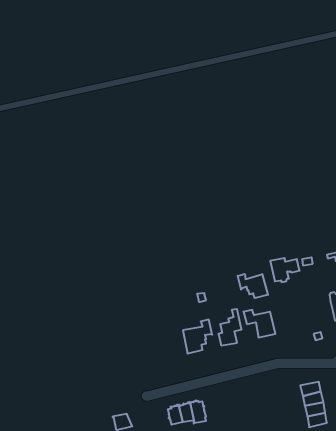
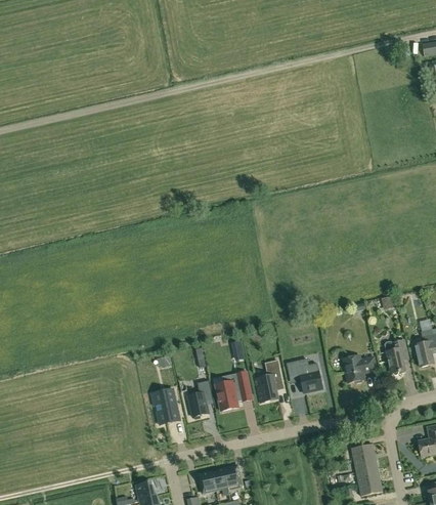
building: [270,258,300,282] -> [343,355,377,383]
building: [238,274,268,298] -> none
building: none -> [188,380,213,417]
building: none -> [151,388,180,423]

